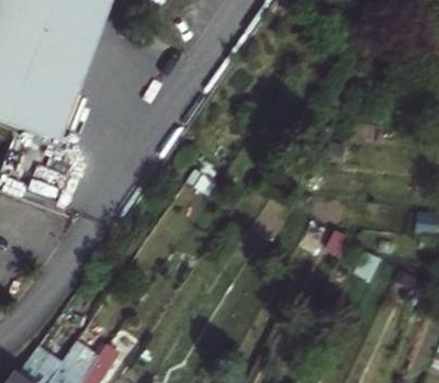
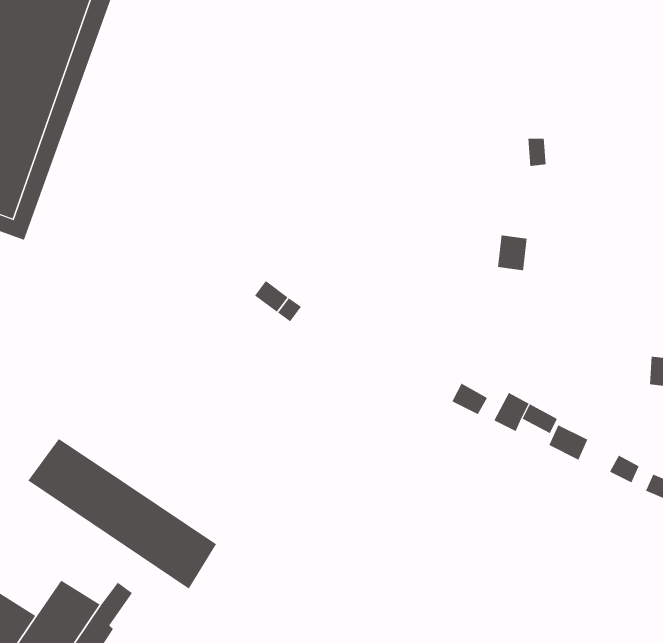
building: none -> [28,438,217,590]

